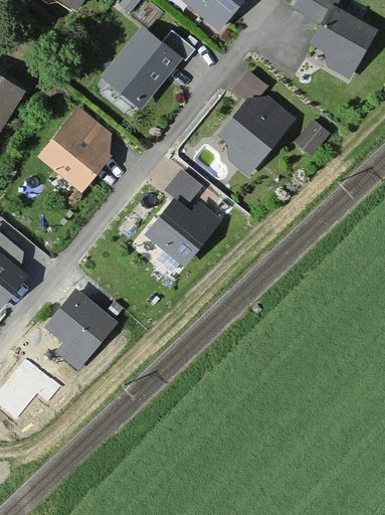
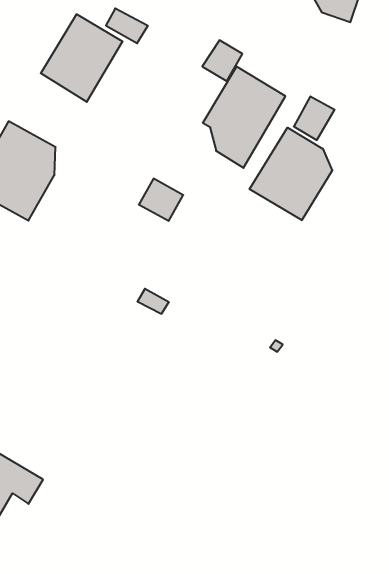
building: none -> [250,128,332,220]
building: [149,196,220,261] -> none
building: [50,294,114,369] -> none

